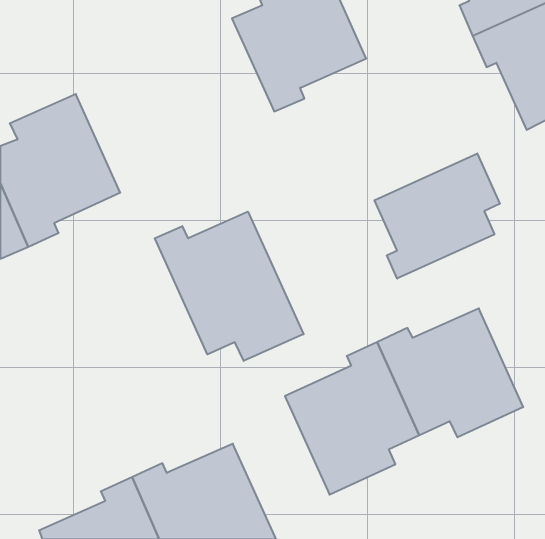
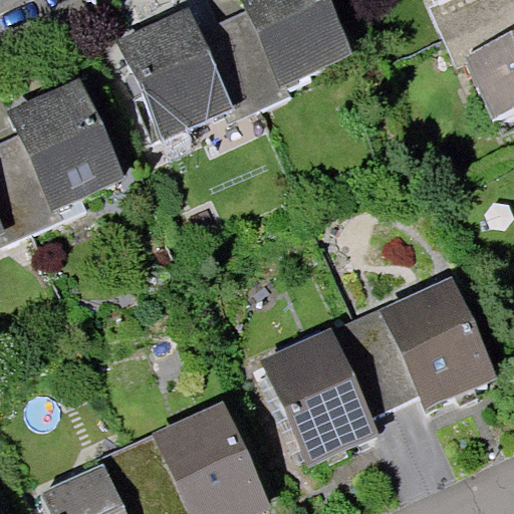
building: none -> [126,16,262,135]
building: [375,153,500,279] -> none
building: [155,212,304,361] -> none

